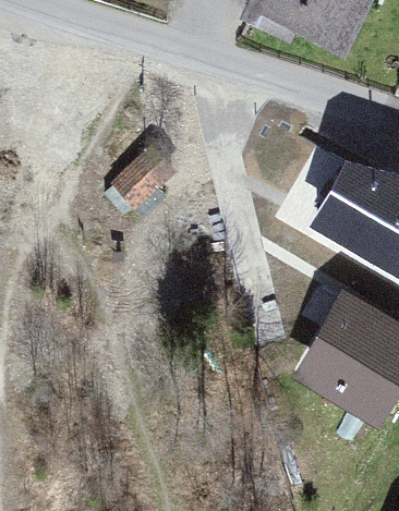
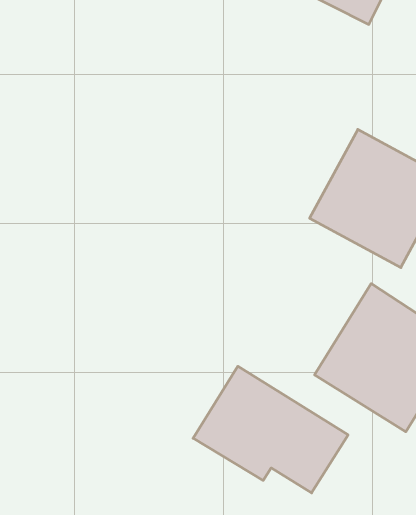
building: none -> [193,366,348,493]

